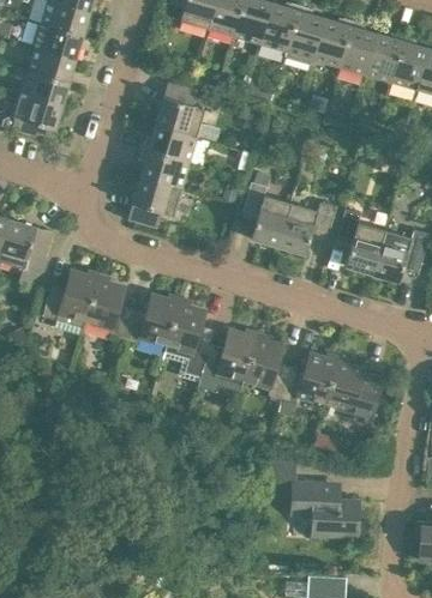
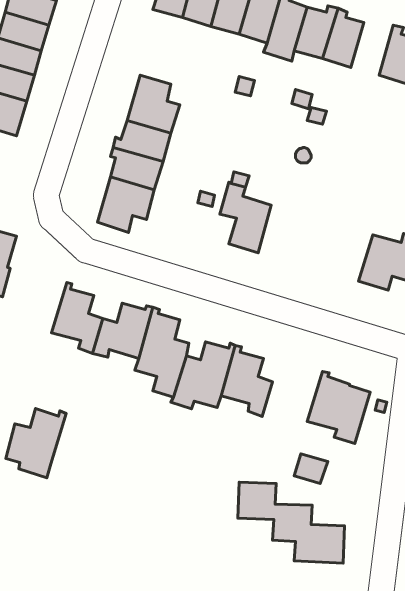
building: [365,32,404,81] -> none
building: [278,201,336,254] -> none
building: [336,209,385,273] -> none
building: [43,270,100,334] -> [6,408,66,478]
building: [277,352,338,417] -> none

